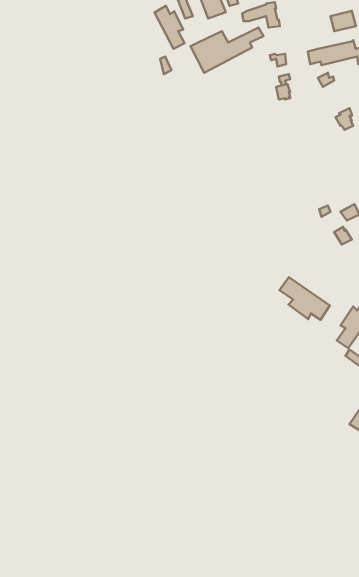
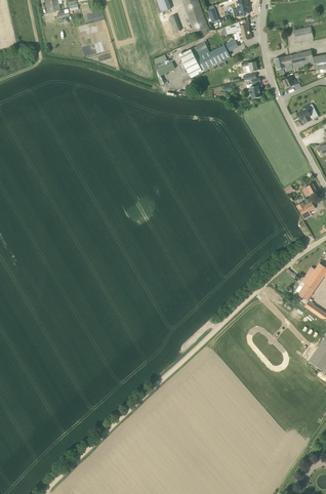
building: [154,6,185,49] -> none
building: [279,277,330,320] -> none

